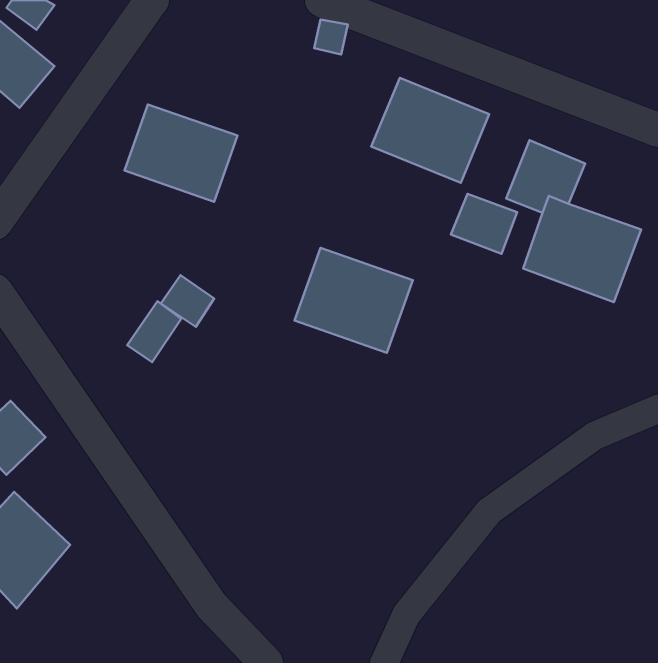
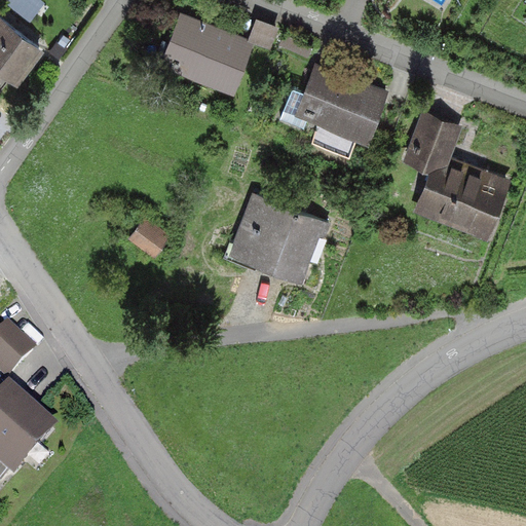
building: [125,104,237,202] -> [160,17,250,95]
building: [451,194,517,254] -> none
building: [127,301,181,362] -> none

